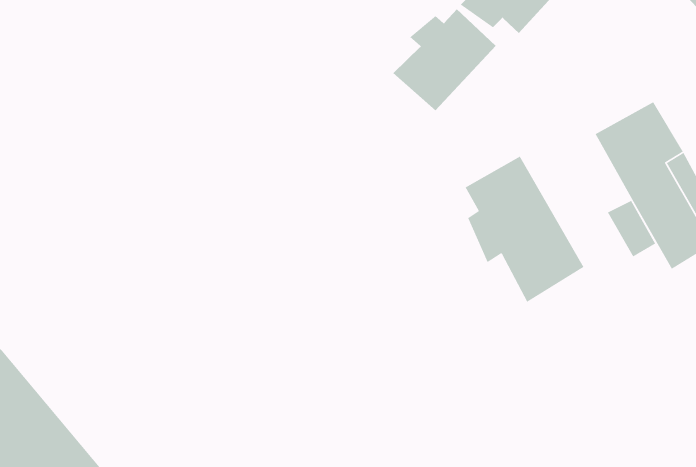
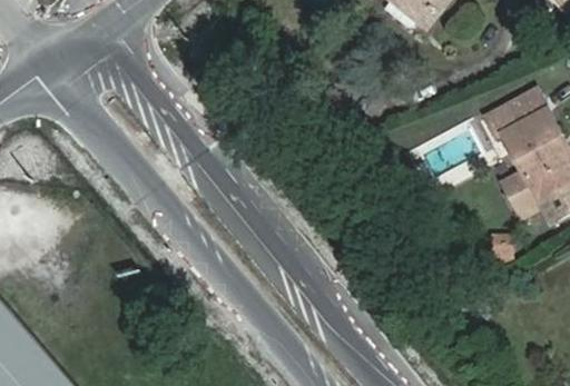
building: [392,8,496,111] -> none
building: [464,156,584,303] -> none

